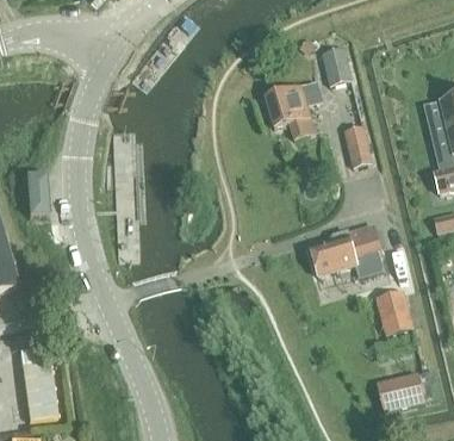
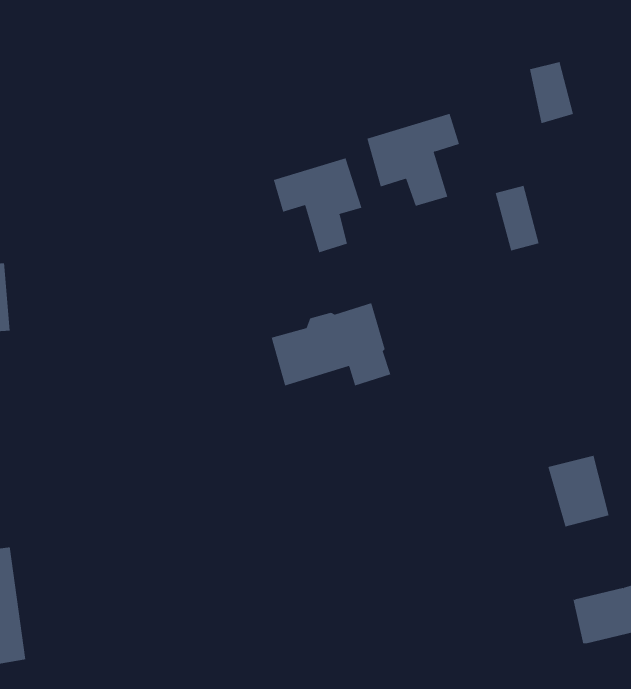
building: [323,46,350,85] -> [529,62,574,124]
building: none -> [273,157,362,253]
building: [309,225,383,277] -> [271,302,391,386]

